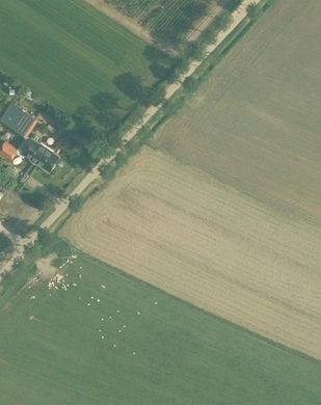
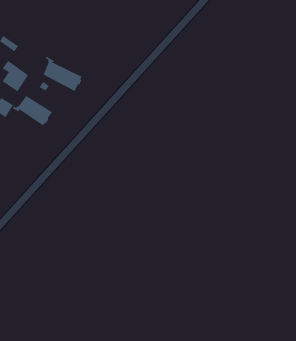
building: none -> [43,56,82,92]

